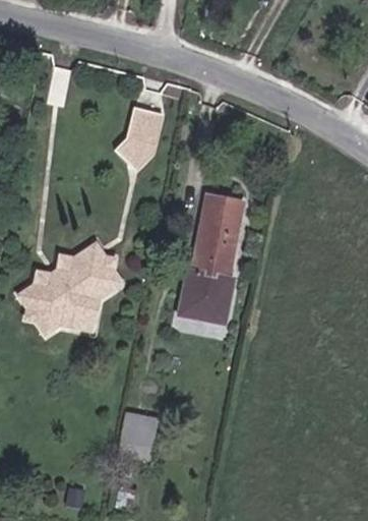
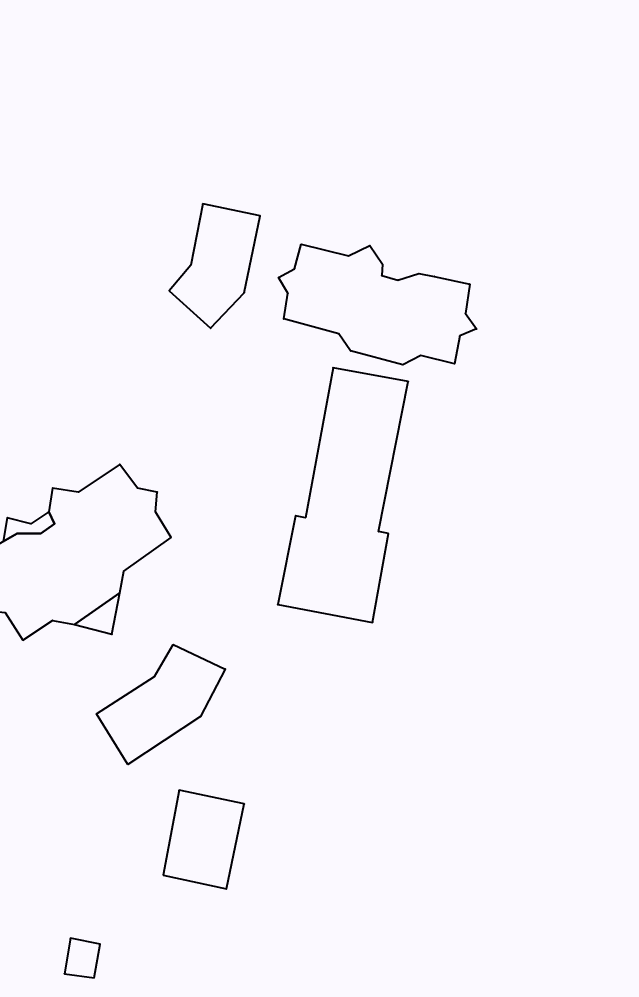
building: none -> [279,244,477,365]
building: none -> [97,645,225,764]

